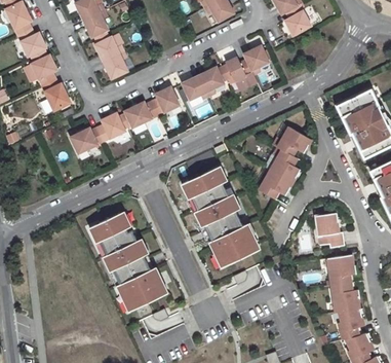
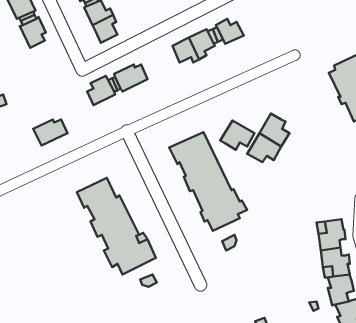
building: [243,44,270,73] -> none
building: [42,77,72,110] -> none
building: [152,86,180,115] -> none
building: [275,126,309,155] -> [220,121,254,150]
building: [71,128,105,153] -> [33,120,67,146]
building: [310,212,343,247] -> none

